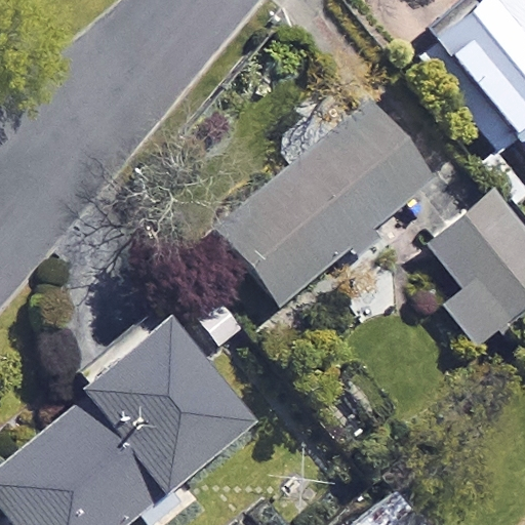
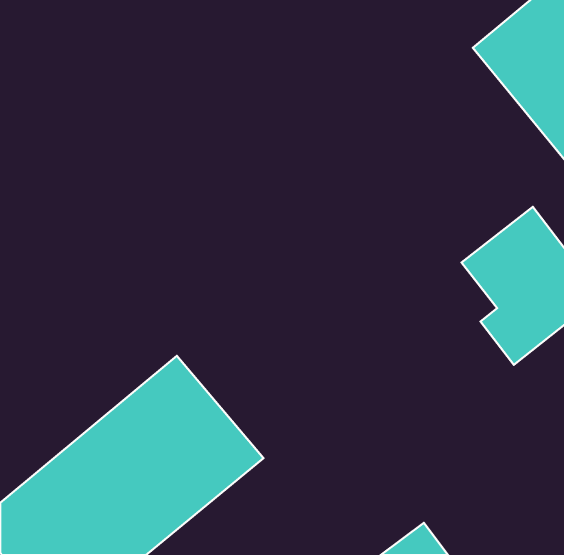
building: [217,102,433,307] -> none

